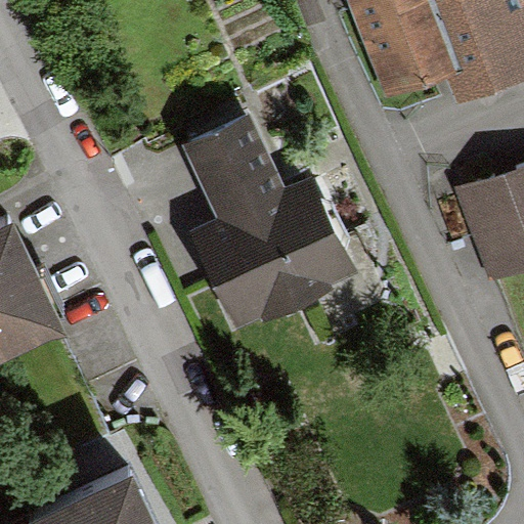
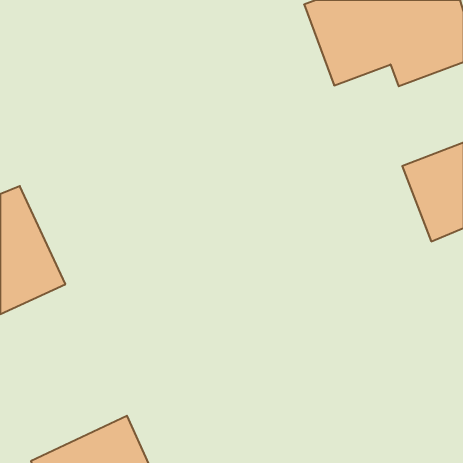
building: [183,118,344,322] -> none

